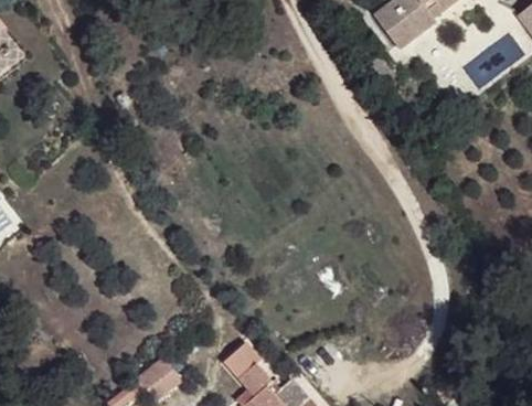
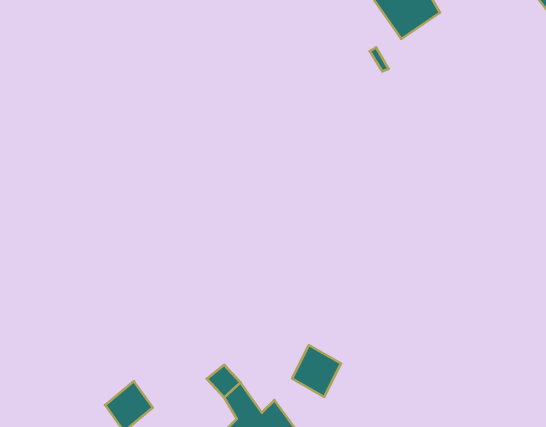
building: none -> [292,345,341,397]

